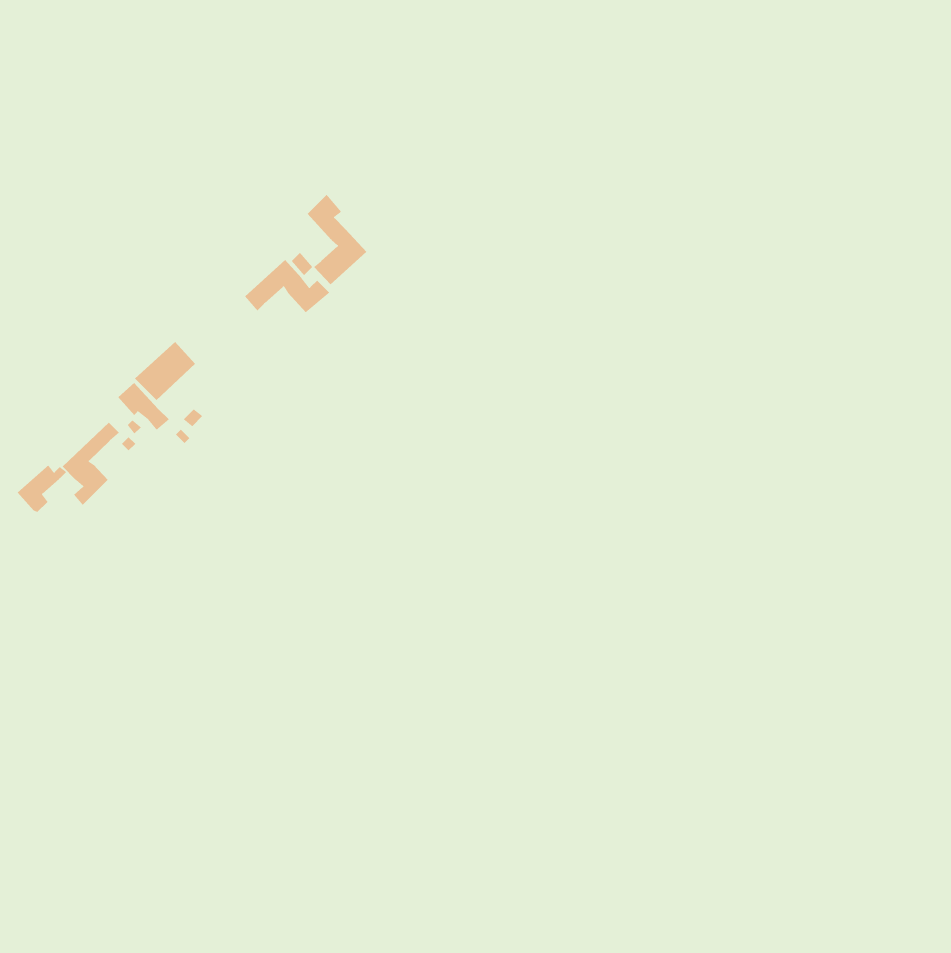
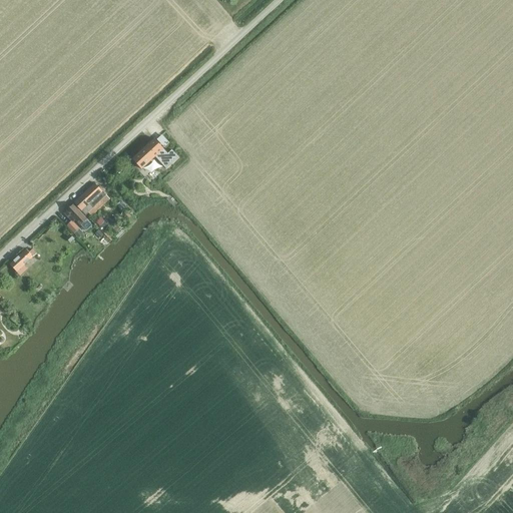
building: [307,194,367,285] -> none
building: [62,422,120,506] -> none

